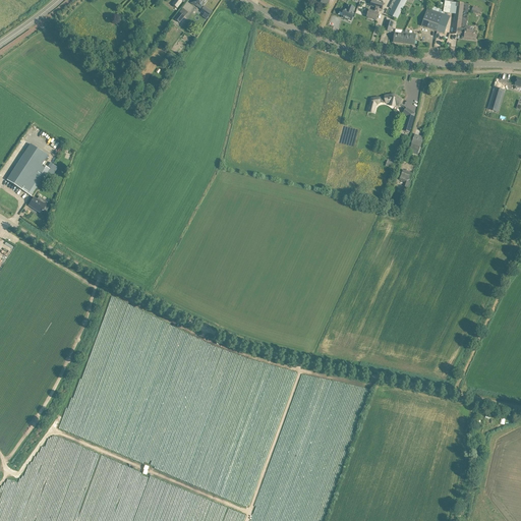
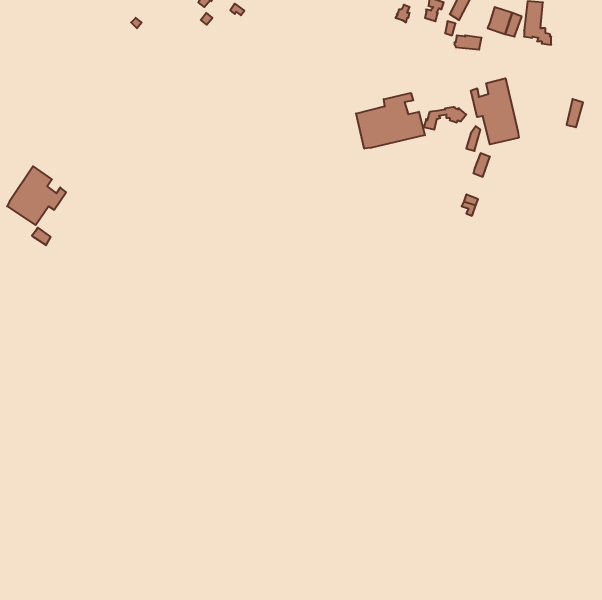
building: none -> [471,78,519,144]
building: none -> [356,93,425,149]

